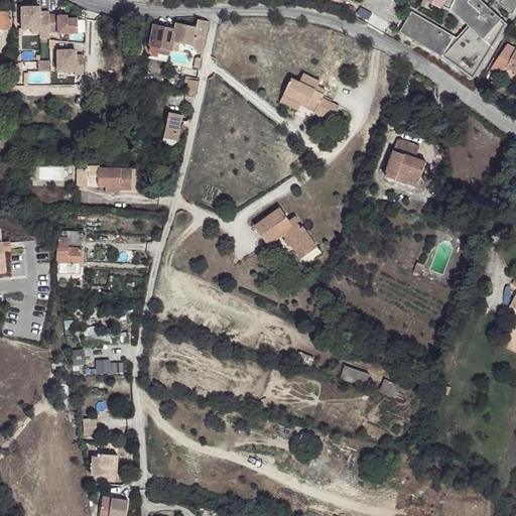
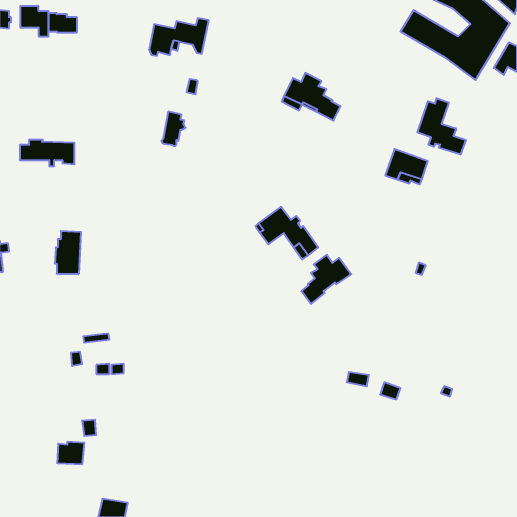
building: [56,48,83,74] -> none
building: none -> [418,98,466,155]
building: [76,165,130,191] -> [20,140,75,166]
building: none -> [301,255,351,304]
building: [90,453,117,475] -> [57,442,84,464]

